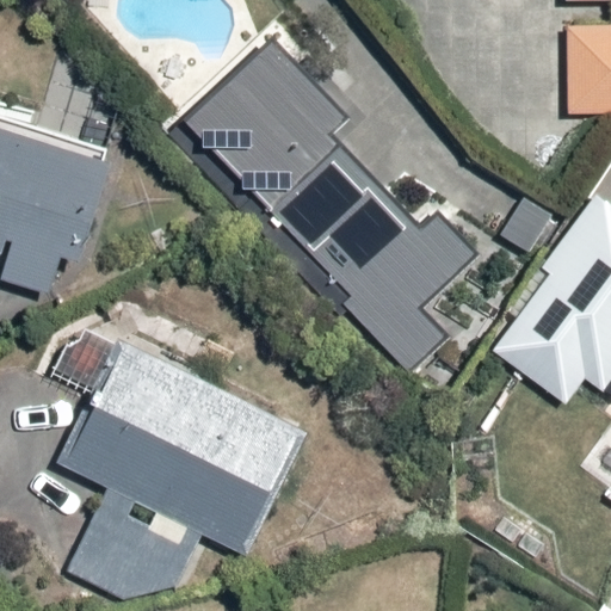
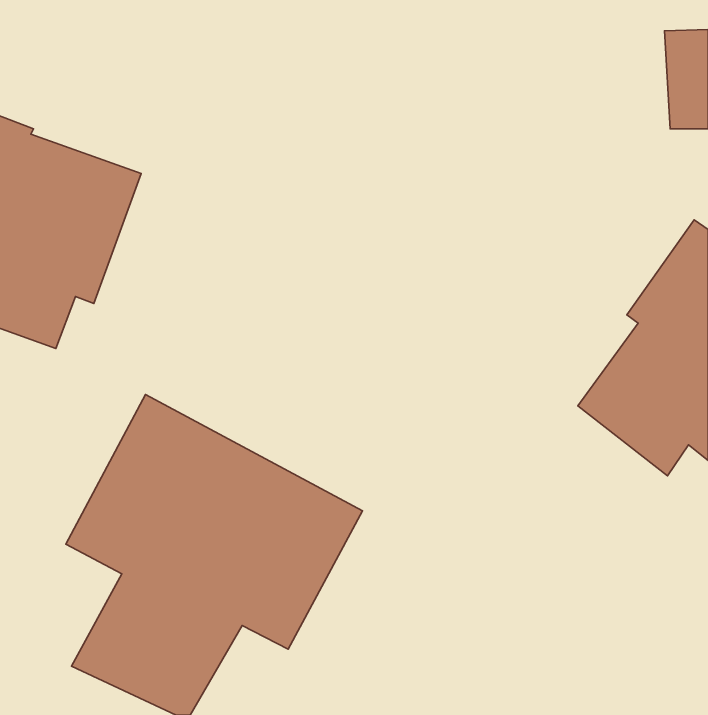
building: [186,69,294,192] -> none
building: [271,149,490,370] -> none

